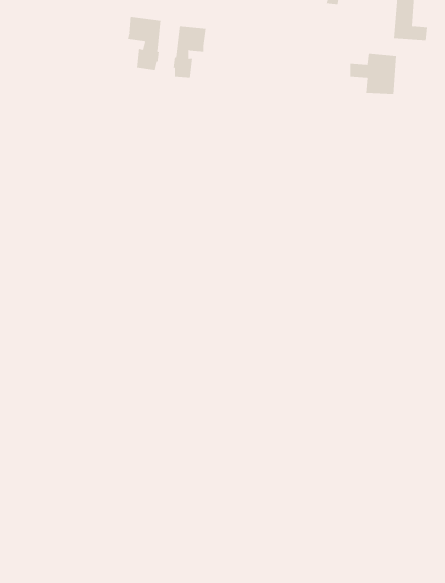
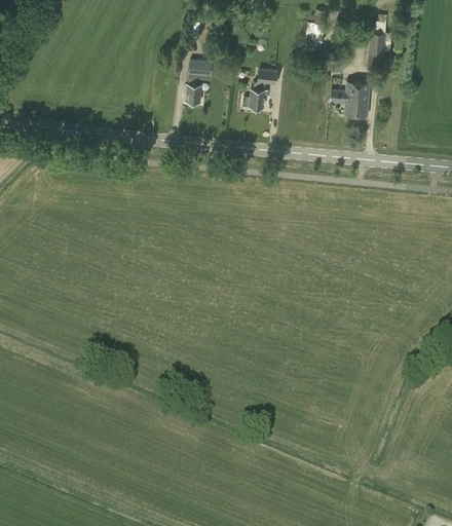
building: [127,16,161,71] -> none
building: none -> [243,70,277,109]

